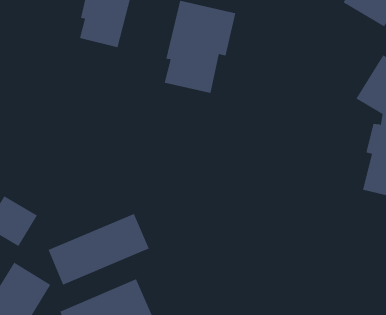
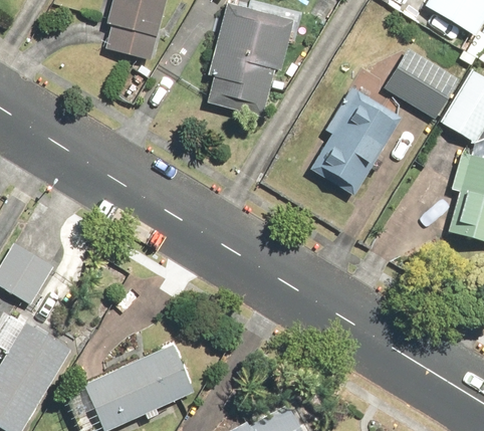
building: none -> [383,49,459,121]
building: none -> [308,91,402,197]
building: [48,213,150,286] -> none

